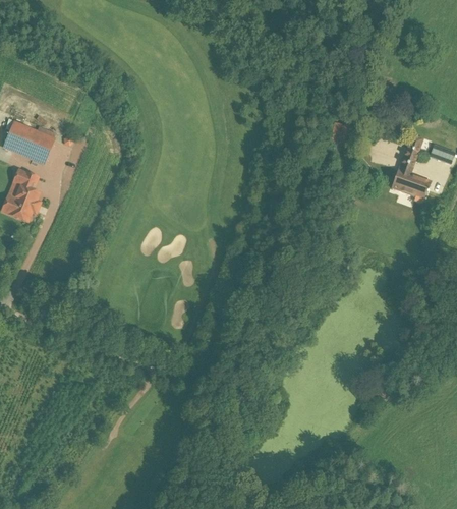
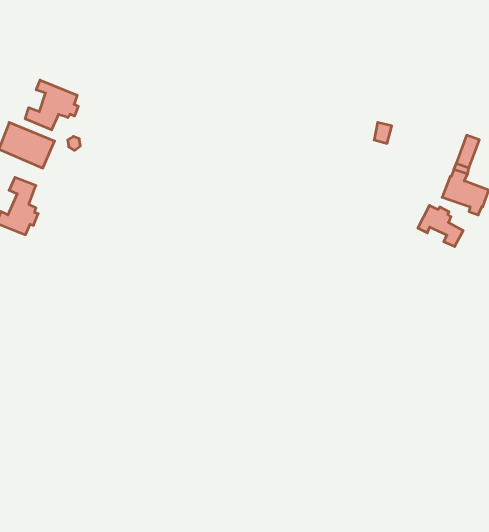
building: none -> [25,80,78,130]
building: none -> [418,205,463,247]

